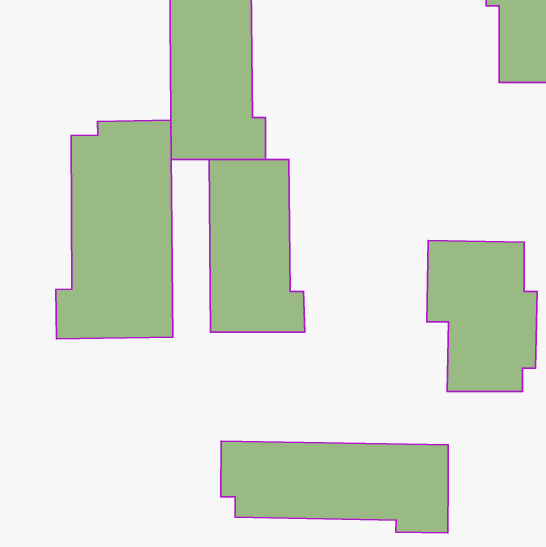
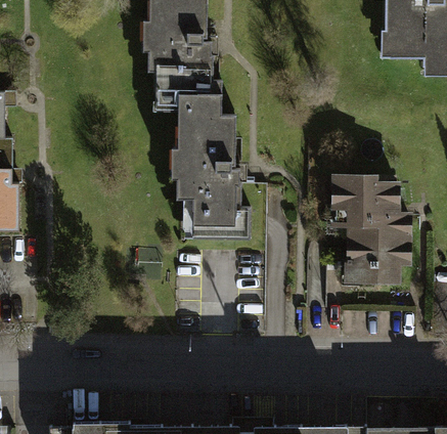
building: [56,120,173,339] -> none
building: [221,441,448,533] -> none

